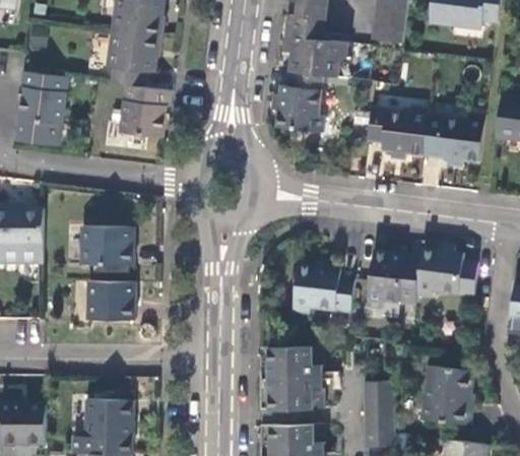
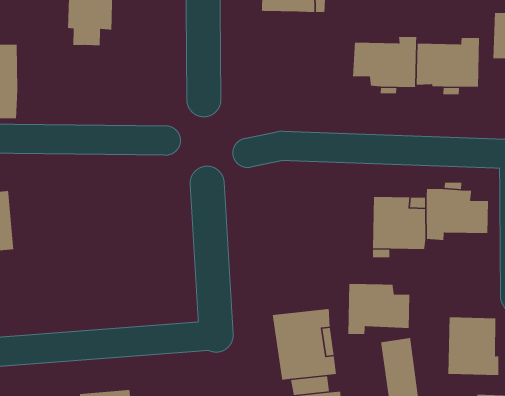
building: [275,71,323,133] -> none
building: [120,84,172,137] -> none
building: [81,227,132,266] -> none
building: [292,264,353,313] -> [347,283,410,335]
building: [86,280,134,319] -> none

